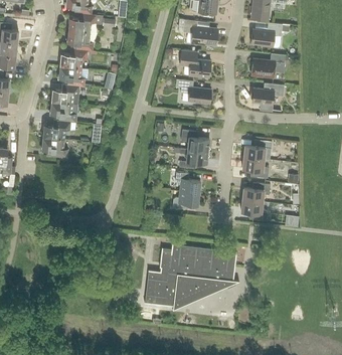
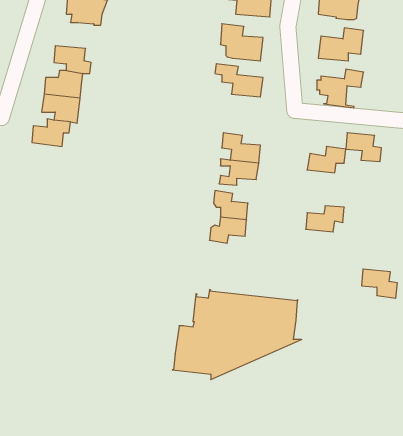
building: [59,49,88,68] -> none
building: [41,137,68,158] -> none
building: [242,157,269,178] -> [346,133,381,162]
building: [241,200,268,221] -> [362,269,397,298]

